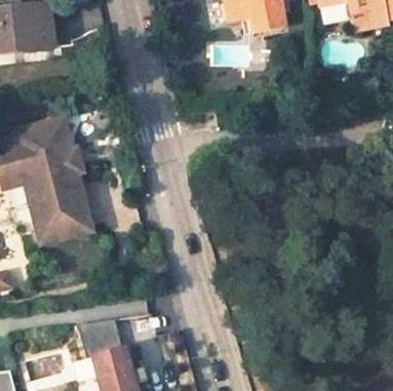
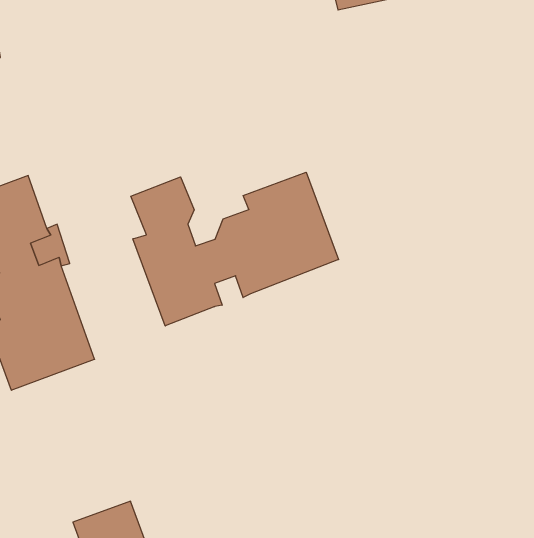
building: none -> [131,172,339,326]

